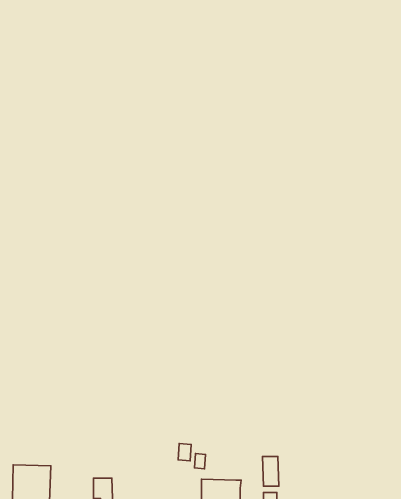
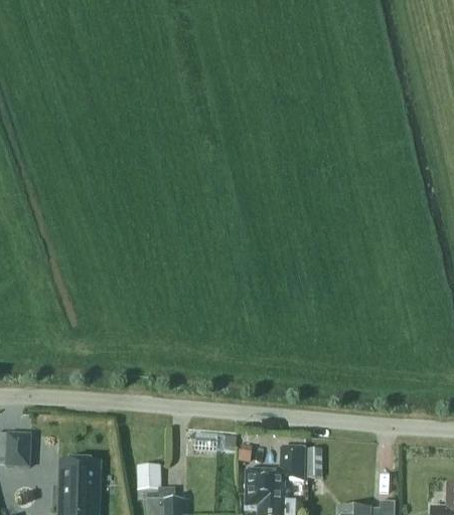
building: none -> [280,450,304,482]

